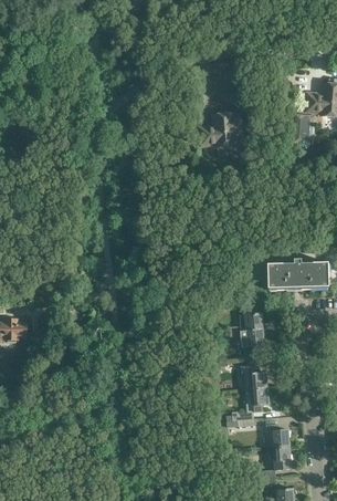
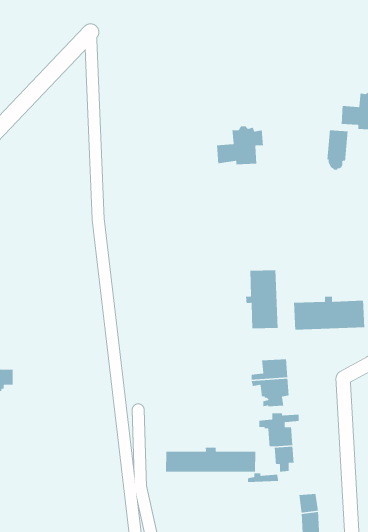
building: none -> [245,269,278,329]
building: none -> [165,447,256,473]

